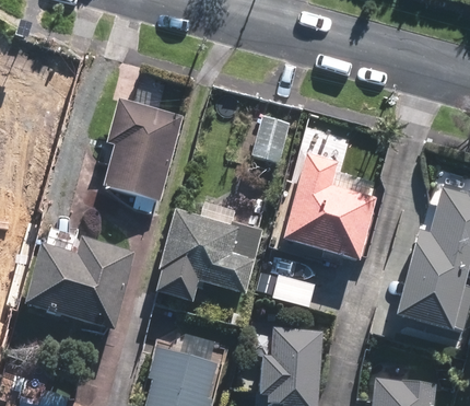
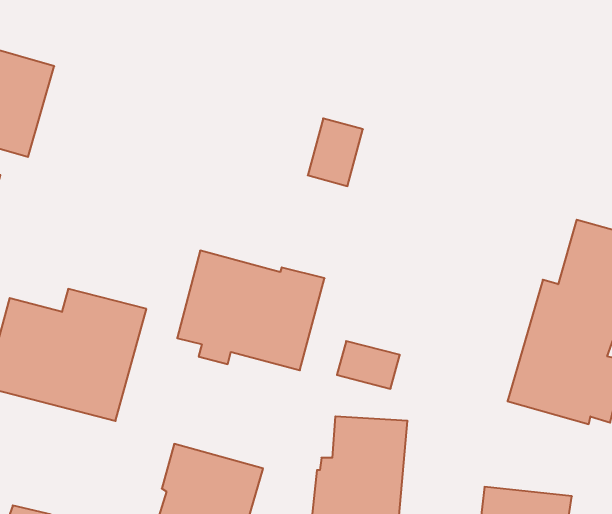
building: [103,98,185,202] -> none
building: [281,152,378,262] -> none

